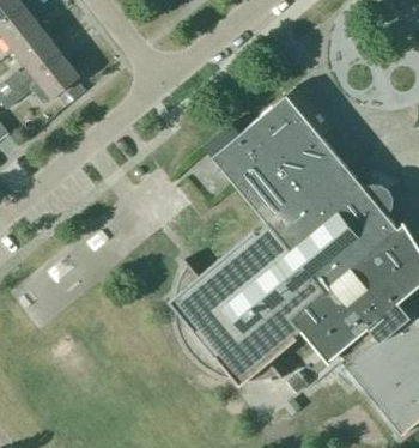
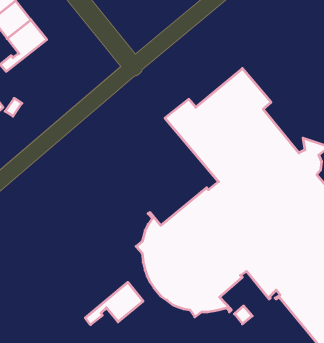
building: [12,52,80,104] -> none
building: none -> [85,282,143,325]

